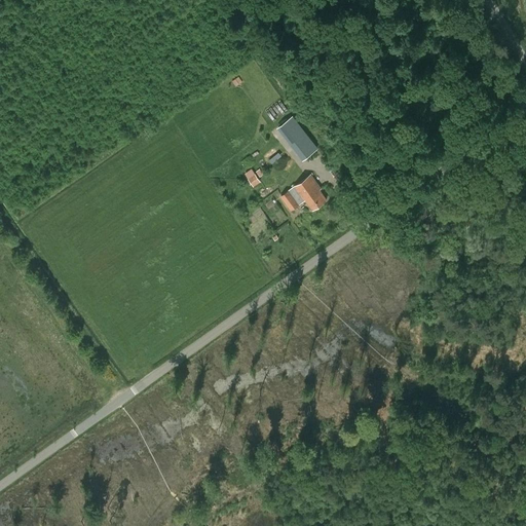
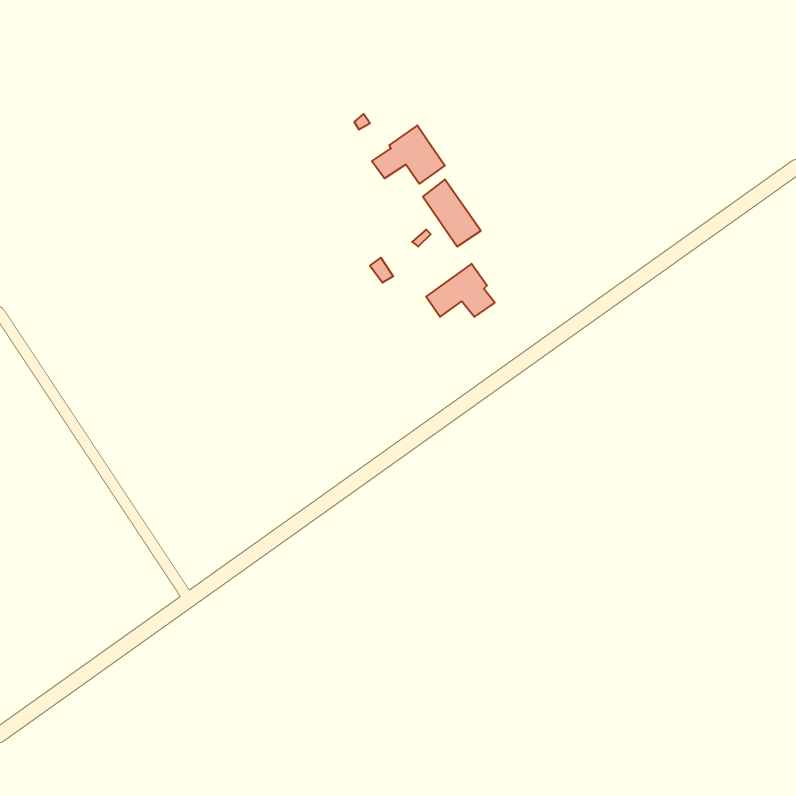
building: none -> [372,125,445,184]

